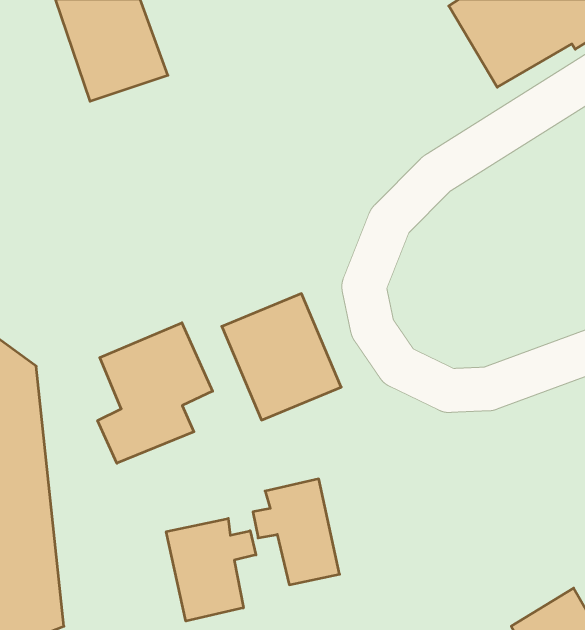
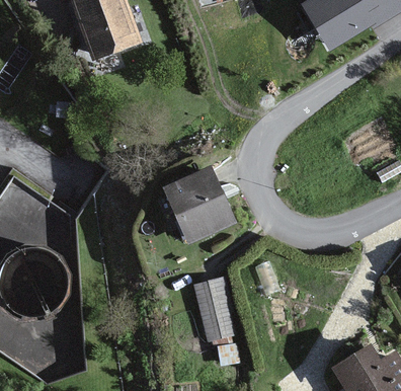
building: [98,323,213,463] -> none
building: [166,518,256,621] -> none

